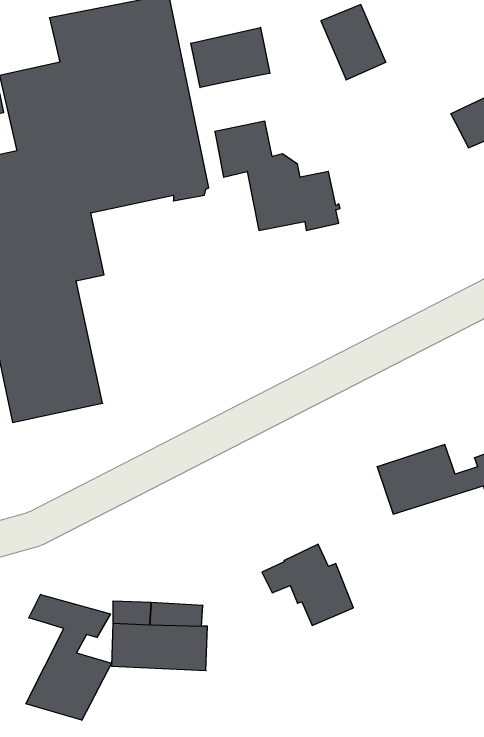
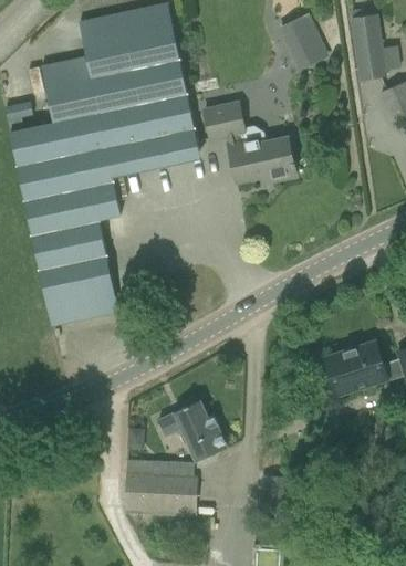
building: none -> [351,14,385,78]
building: [191,27,270,88] -> none
building: [262,544,353,625] -> [157,400,226,461]
building: [26,594,112,720] -> none

